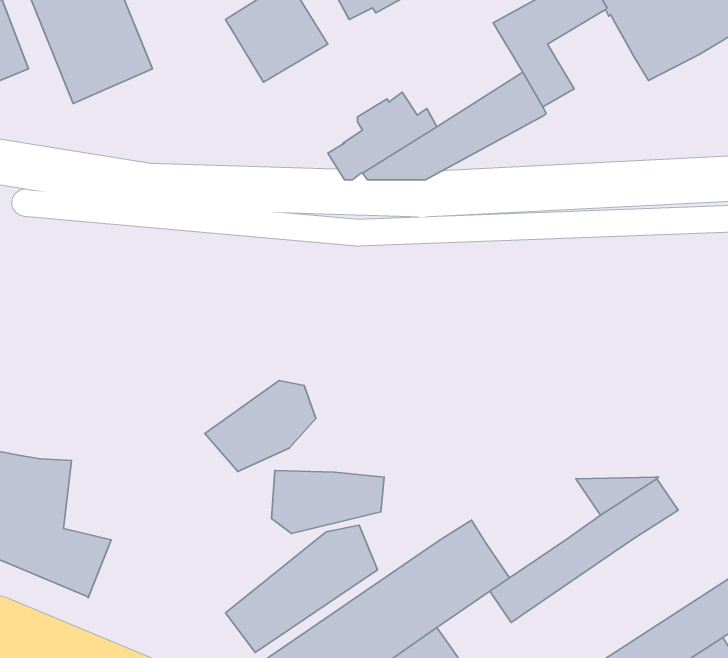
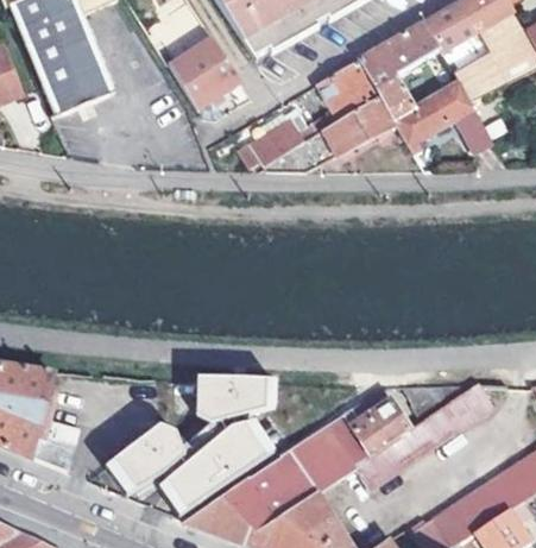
building: none -> [310,57,379,132]
building: none -> [393,81,492,149]
building: [205,381,316,471] -> [106,427,185,492]
building: none -> [342,403,410,456]

